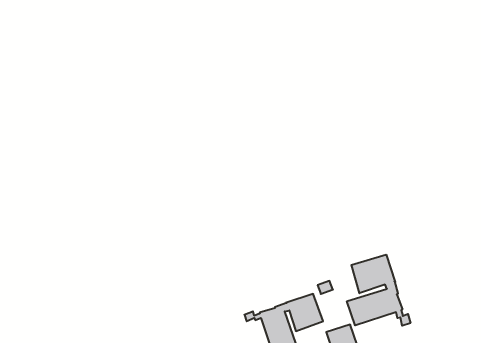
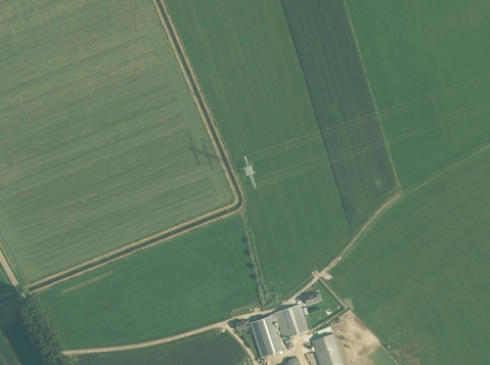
building: [347,255,410,326] -> none

